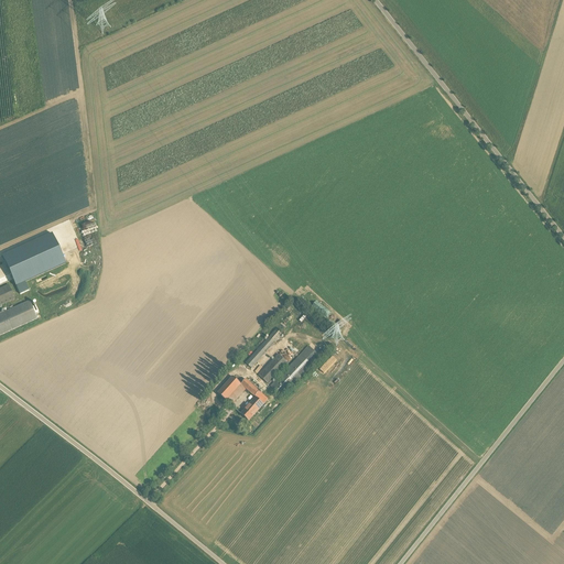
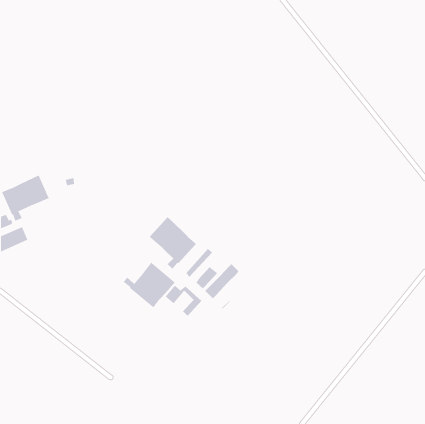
building: none -> [148,217,196,270]
building: none -> [123,261,175,308]

